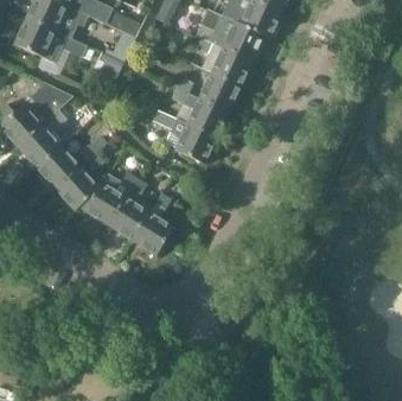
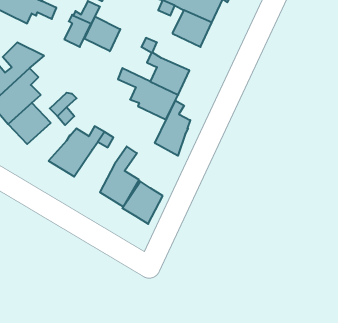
building: none -> [84,17,120,51]
building: [199,71,241,110] -> none
building: none -> [155,100,190,156]
building: [57,166,98,210] -> none
building: [107,195,149,240] -> [122,181,163,224]

